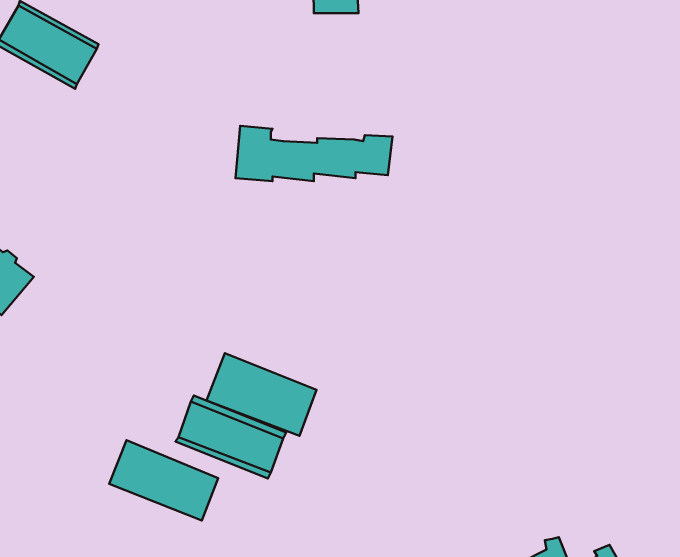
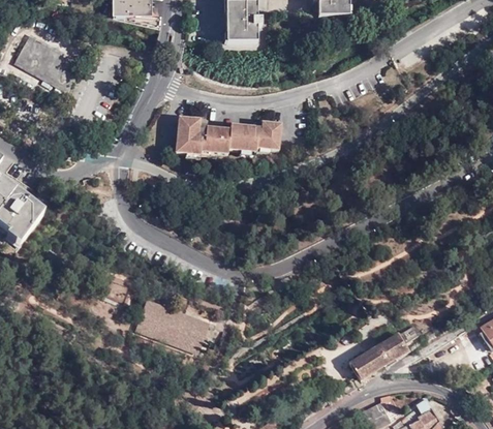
building: [207,353,316,436] -> none
building: none -> [351,326,419,379]
building: [109,440,218,521] -> none

